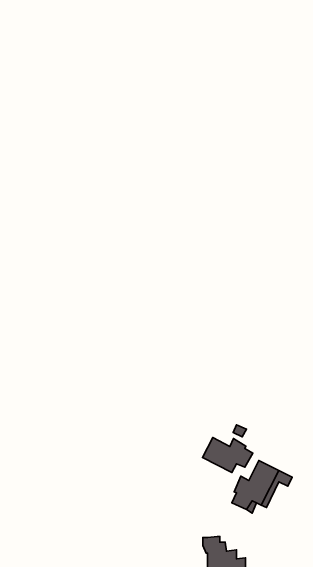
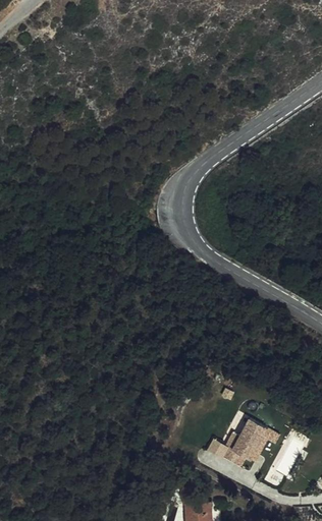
building: [202,438,253,473] -> none

